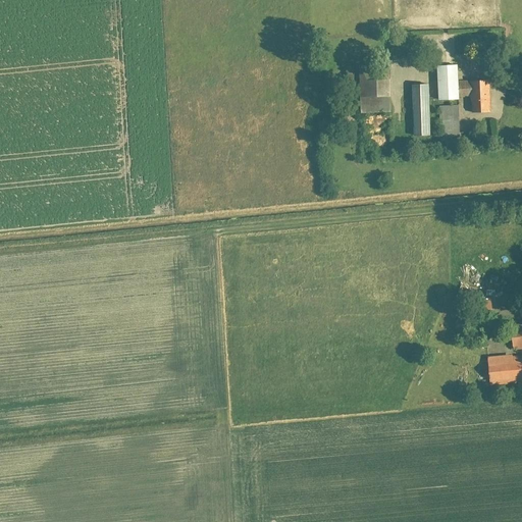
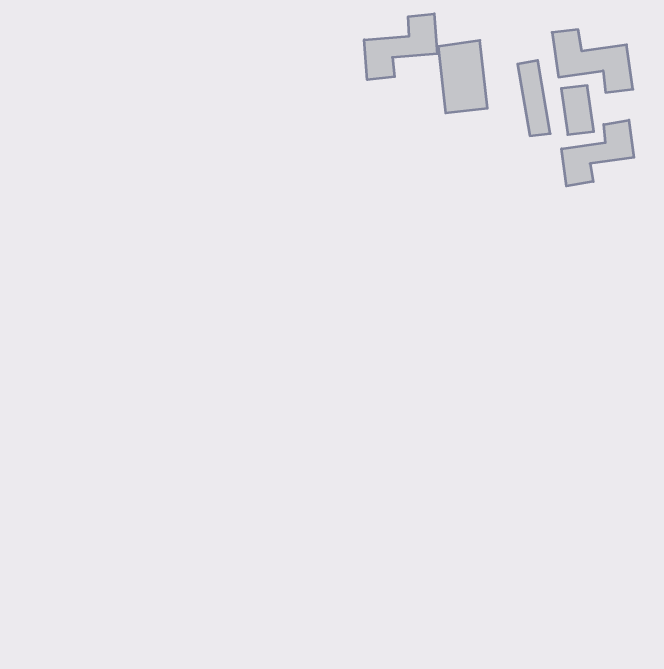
building: none -> [364,14,437,80]
building: none -> [562,120,634,186]

